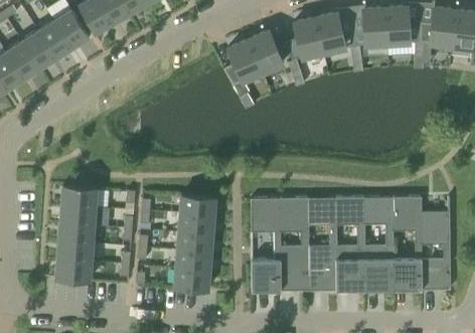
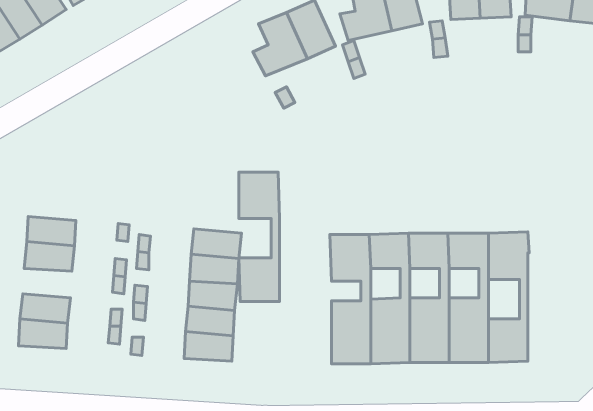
building: [251,199,280,292] -> [239,172,280,302]
building: [421,211,450,290] -> none
building: [58,223,94,244] -> none

